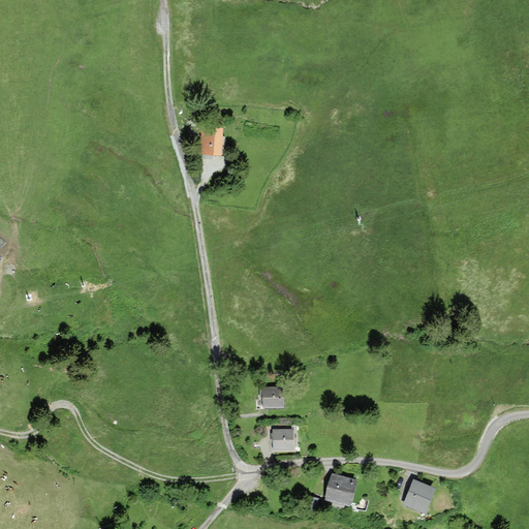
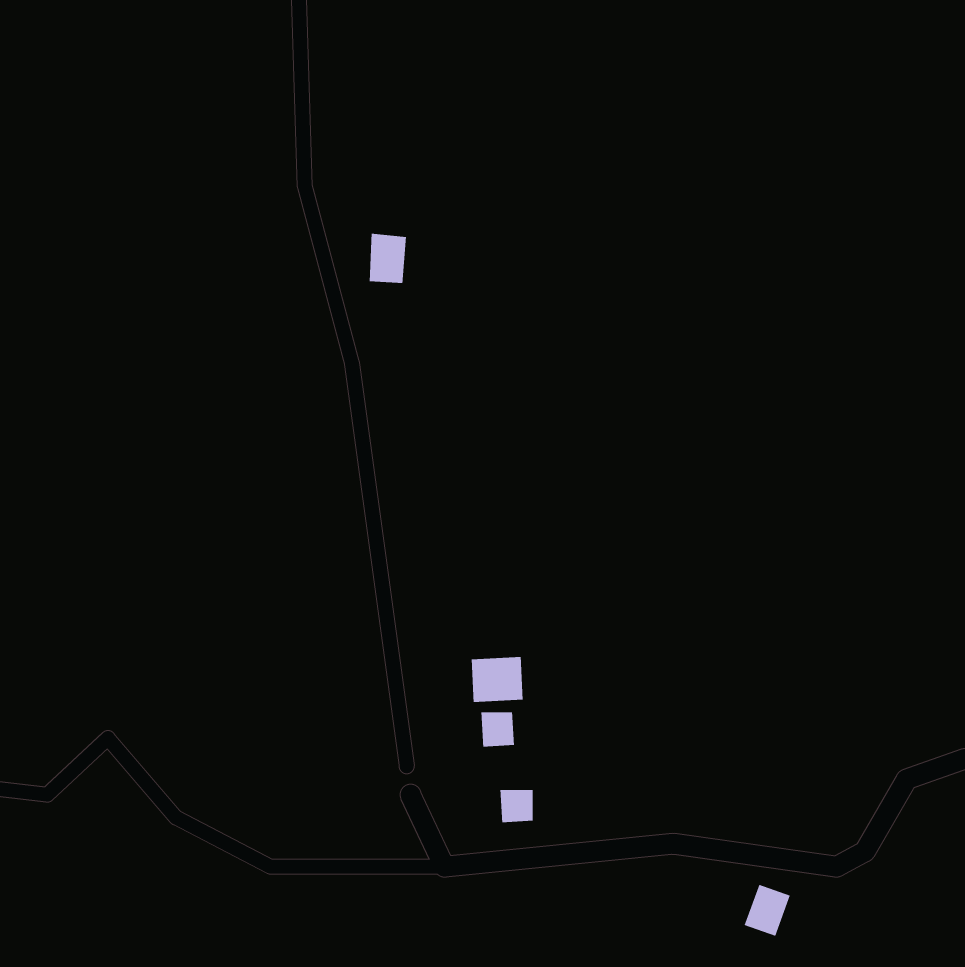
building: none -> [471,656,524,703]
building: [326,475,353,504] -> none

